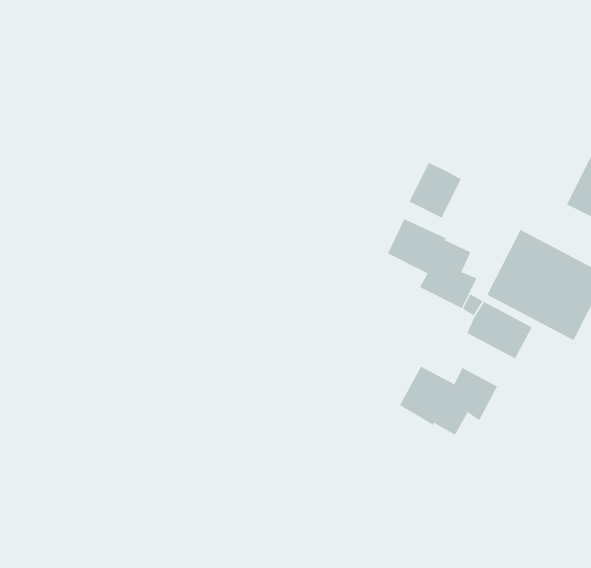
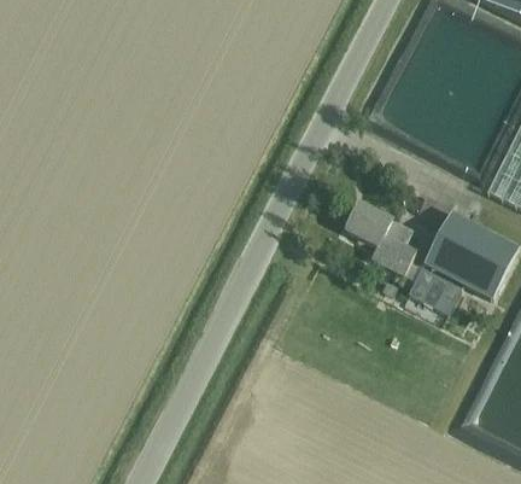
building: [409,162,462,219] -> none
building: [399,366,498,435] -> none

